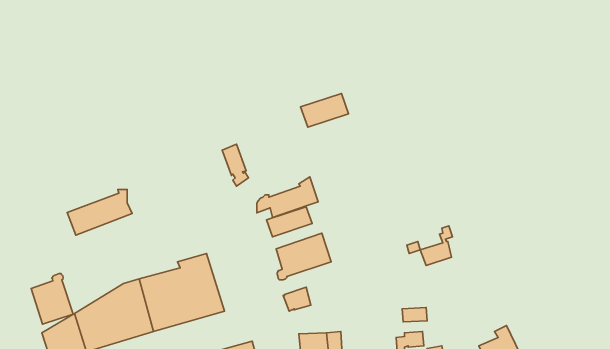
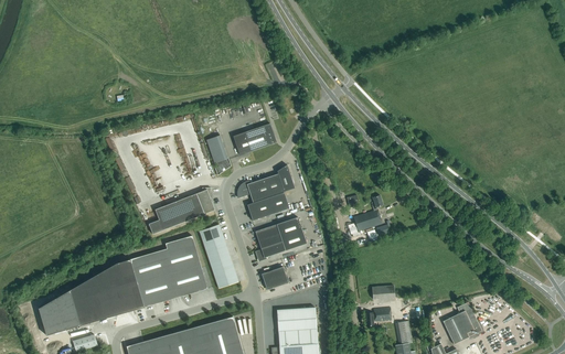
building: [301,93,349,127] -> [232,125,276,155]
building: [67,190,132,235] -> [154,189,214,230]
building: [420,226,453,266] -> [352,195,382,232]
building: none -> [199,225,238,289]
building: [31,274,73,324] -> none

